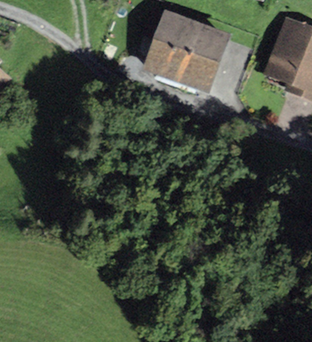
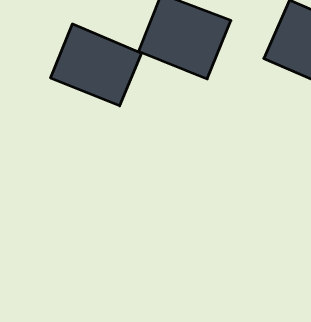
building: none -> [51,24,141,106]

